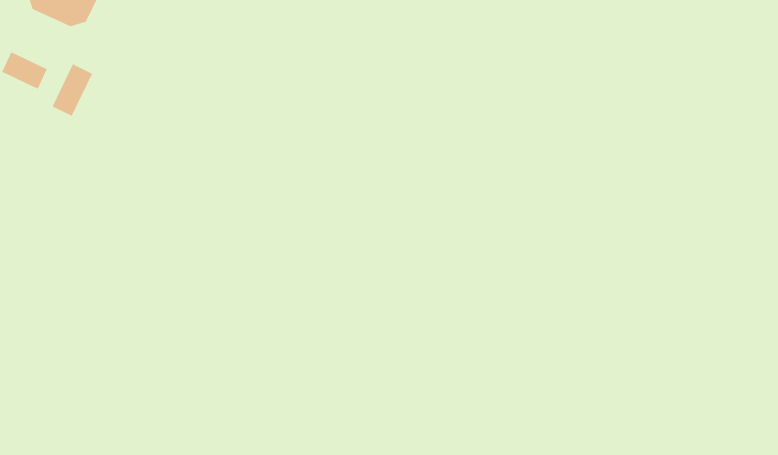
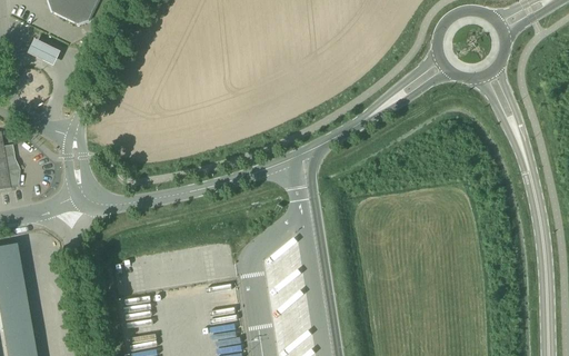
building: [52,63,93,117] -> none

